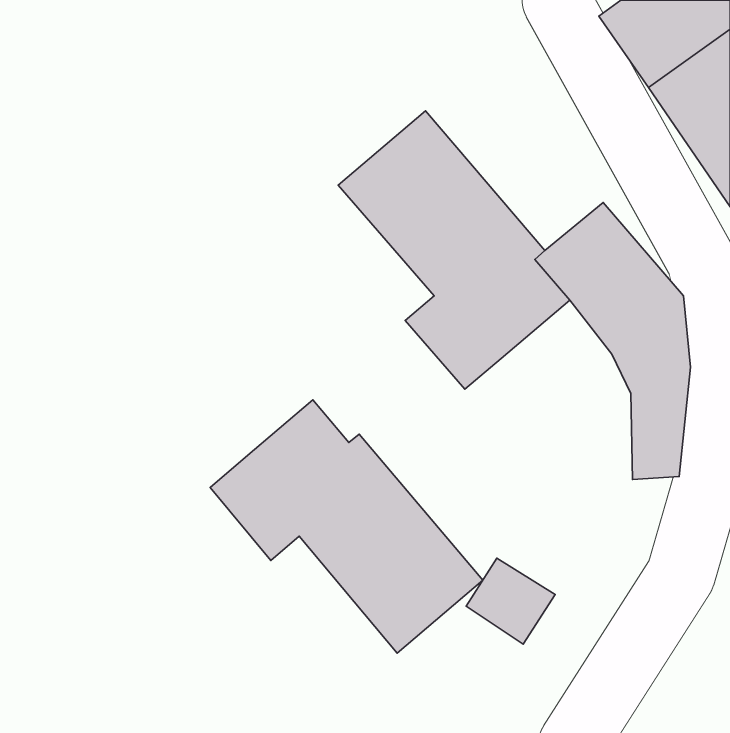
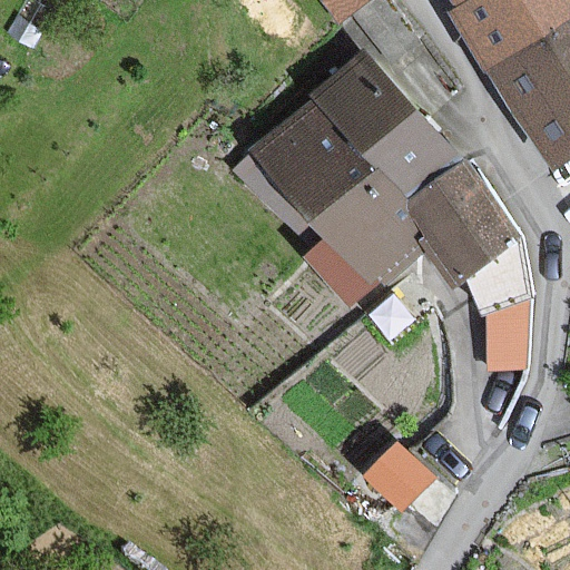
building: none -> [325,56,461,200]
building: [210,400,483,653] -> none

